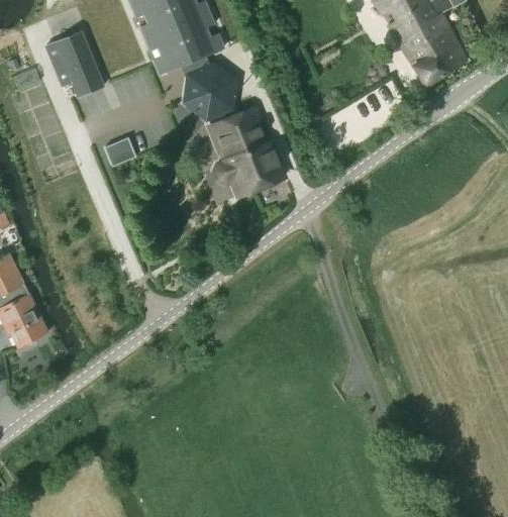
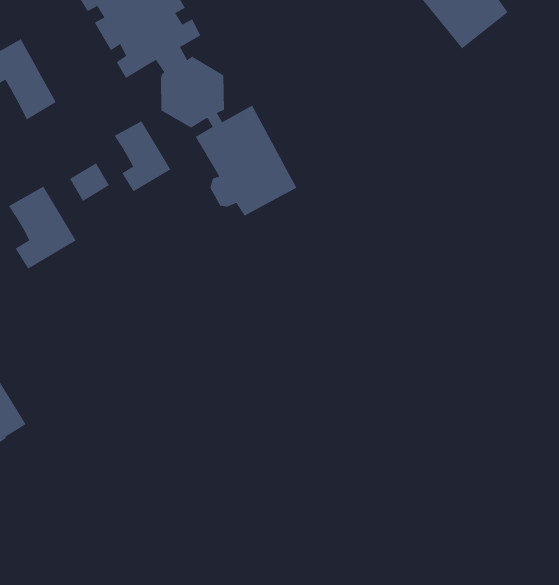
building: none -> [114,120,171,192]
building: none -> [8,186,76,269]

